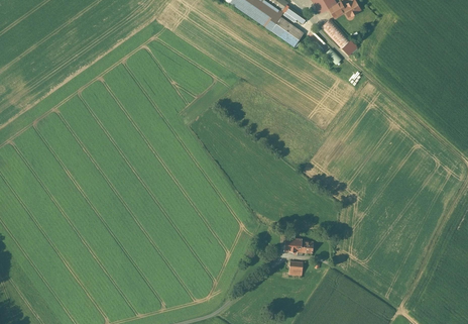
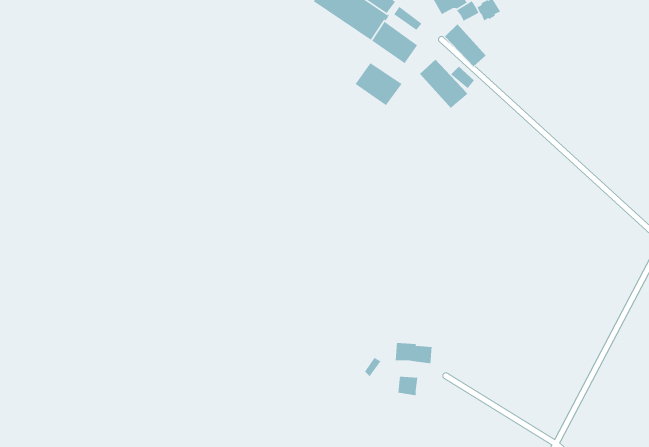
building: none -> [419,59,469,109]
building: none -> [355,62,403,106]

